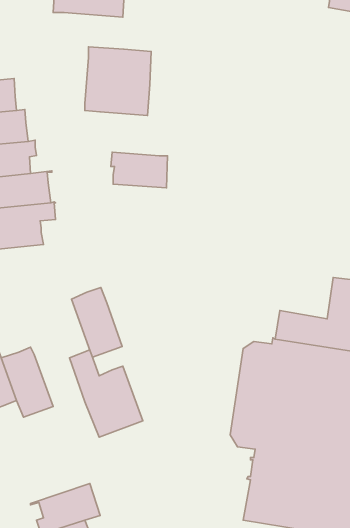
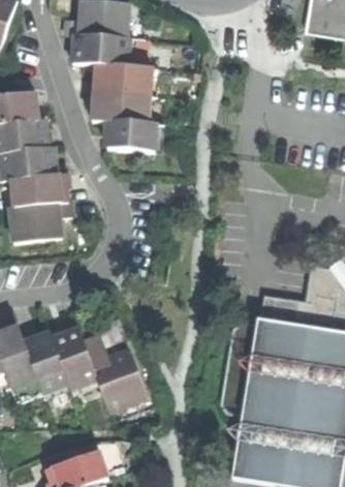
building: none -> [73,34,130,66]
building: [111,152,168,188] -> [106,121,156,152]
building: [71,287,122,357] -> [50,323,94,384]

